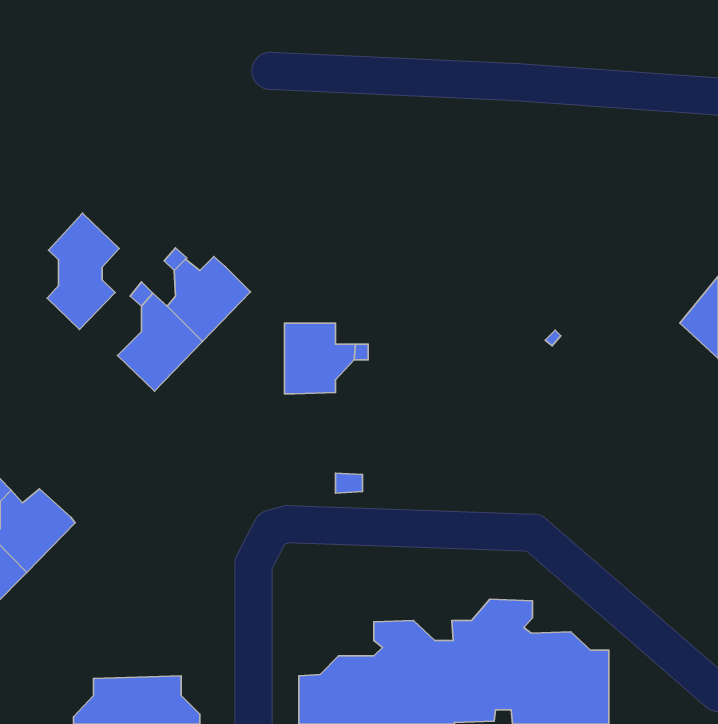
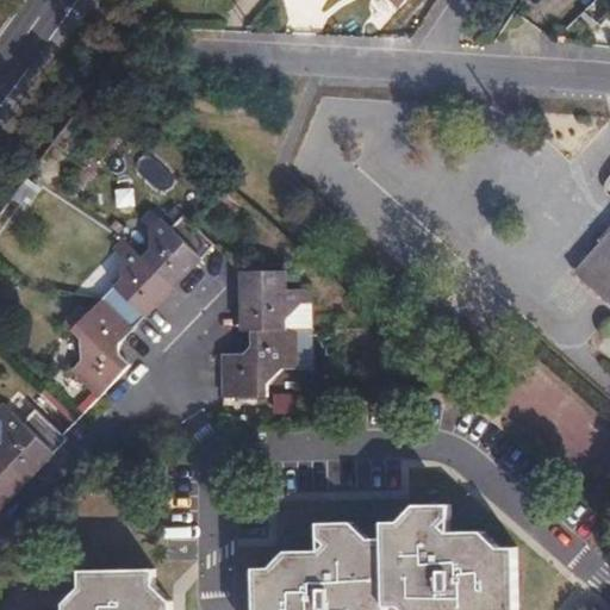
building: [47,213,119,329] -> [69,299,130,397]
building: none -> [220,330,317,398]

